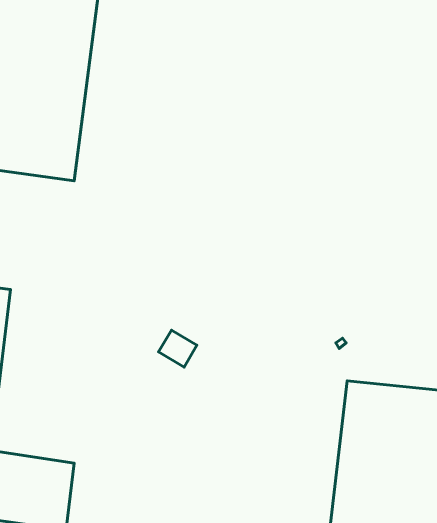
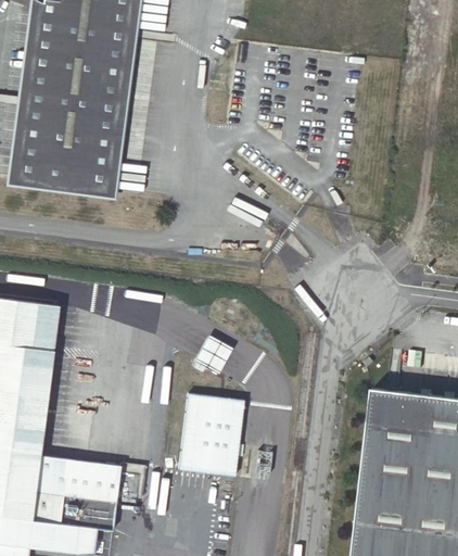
building: none -> [177,394,241,478]

